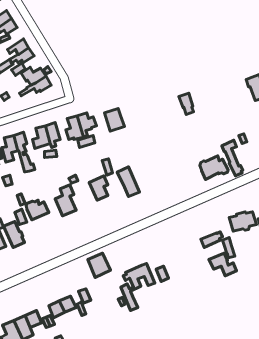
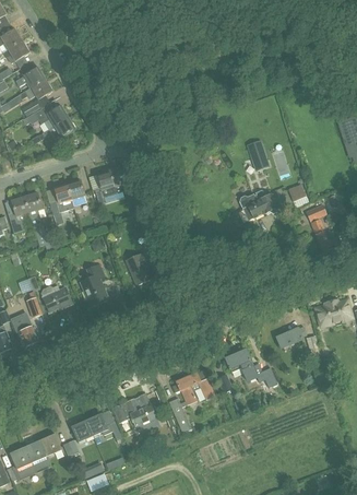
building: [105,109,124,131] -> none
building: [200,156,228,179] -> [239,187,277,219]
building: [117,167,139,197] -> none
building: [209,253,236,276] -> [225,349,262,379]
building: [88,253,111,277] -> [126,392,156,425]

